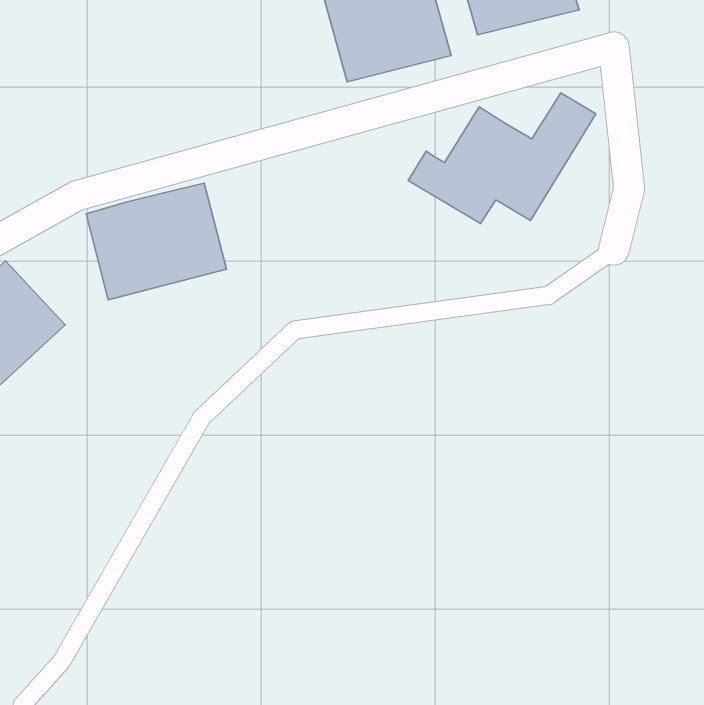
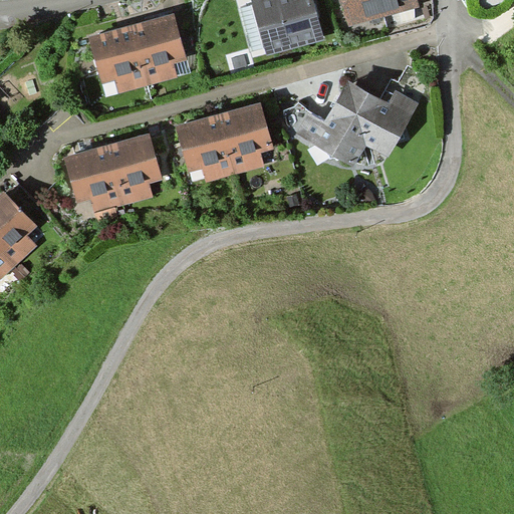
building: none -> [86,11,188,96]
building: none -> [172,101,277,188]

